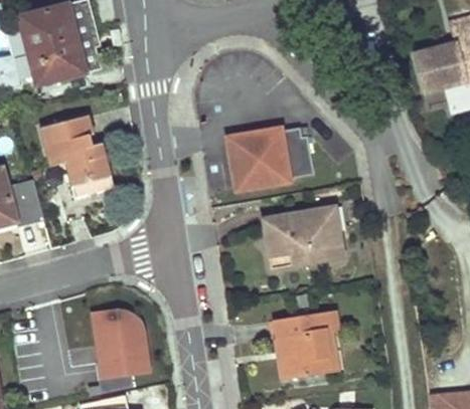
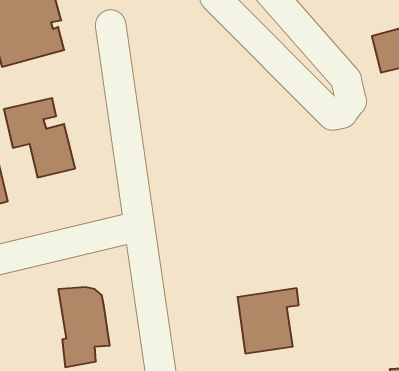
building: [234,129,312,186] -> none
building: [267,208,343,267] -> none

